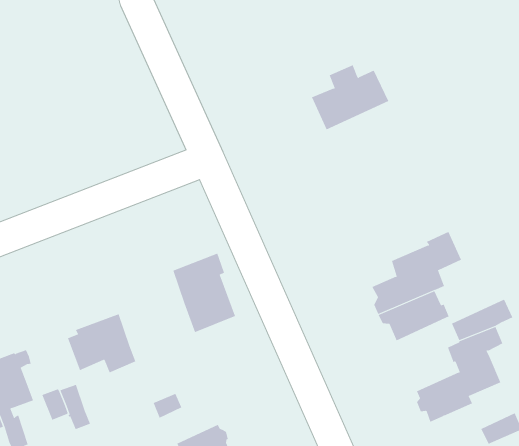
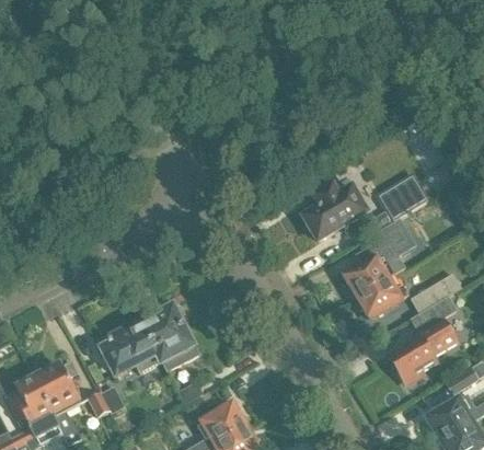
building: [311,64,389,130] -> [302,184,366,240]
building: none -> [370,176,426,230]
building: [172,253,236,333] -> [141,303,197,370]

